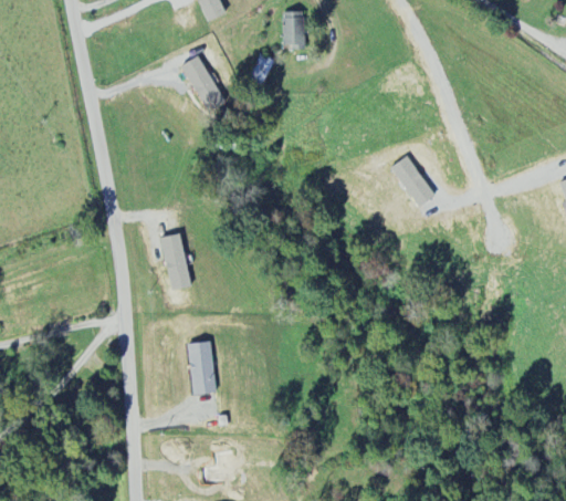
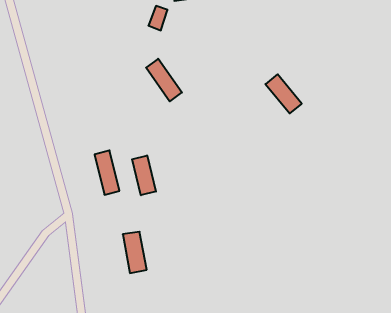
building: [181,55,224,112] -> [146,59,182,101]
building: none -> [132,155,156,195]

